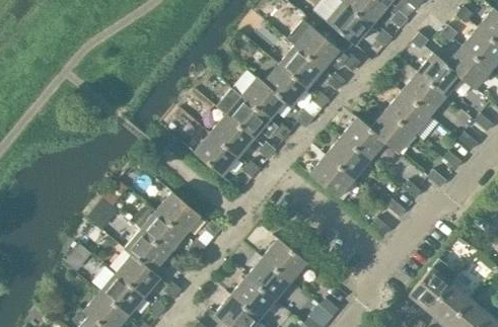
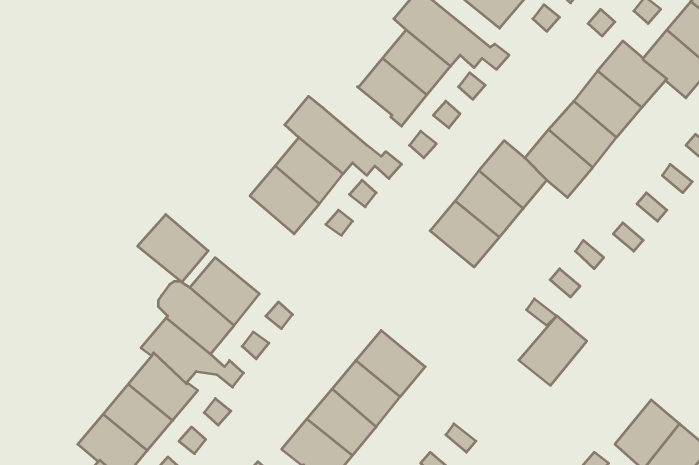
building: [241,76,286,119] -> none
building: none -> [138,214,208,282]
building: [409,266,452,311] -> [519,316,587,385]

